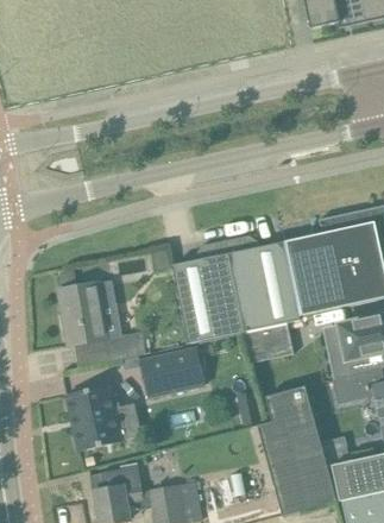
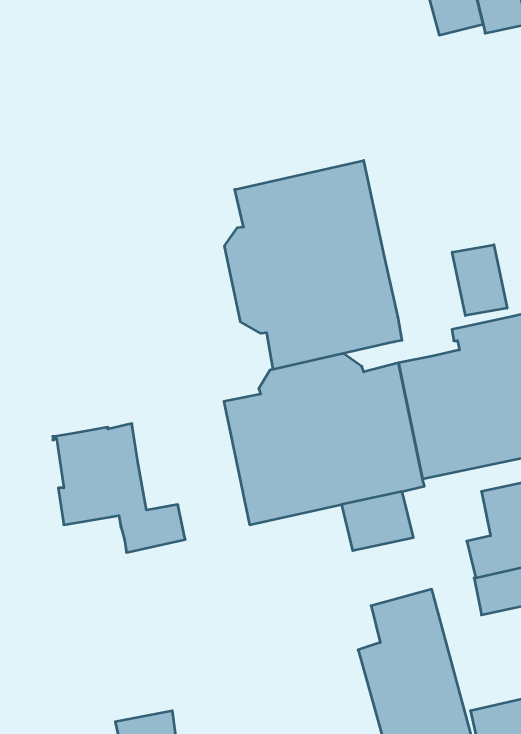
building: none -> [225,160,402,369]
building: none -> [452,245,507,316]
building: [139,347,203,397] -> none
building: [65,384,141,450] -> none

